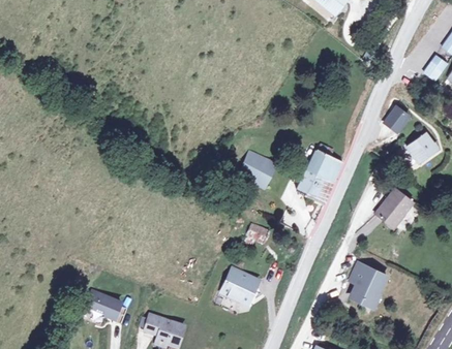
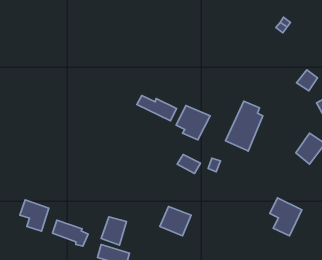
building: none -> [137,96,177,121]
building: none -> [20,200,49,231]
building: none -> [101,217,127,245]

